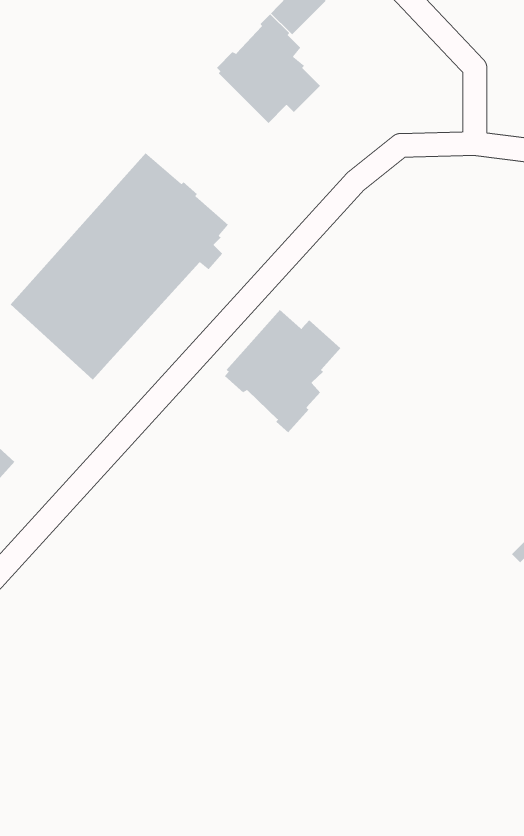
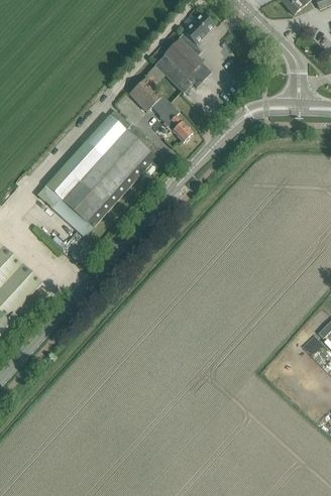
building: none -> [130,77,193,141]
building: [224,309,341,433] -> none

